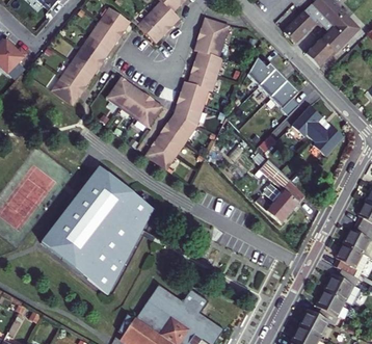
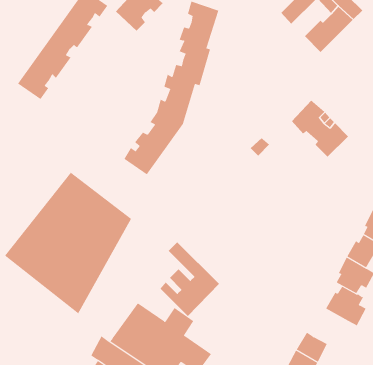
building: [247,57,300,115] -> none
building: [108,81,164,128] -> none
building: [254,161,307,228] -> [160,241,220,317]
building: [314,289,344,324] -> none

